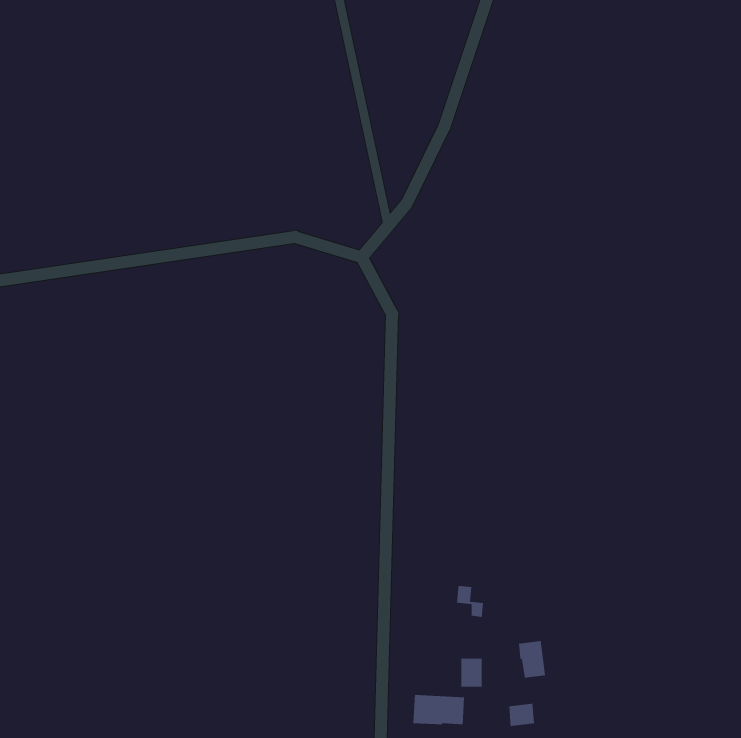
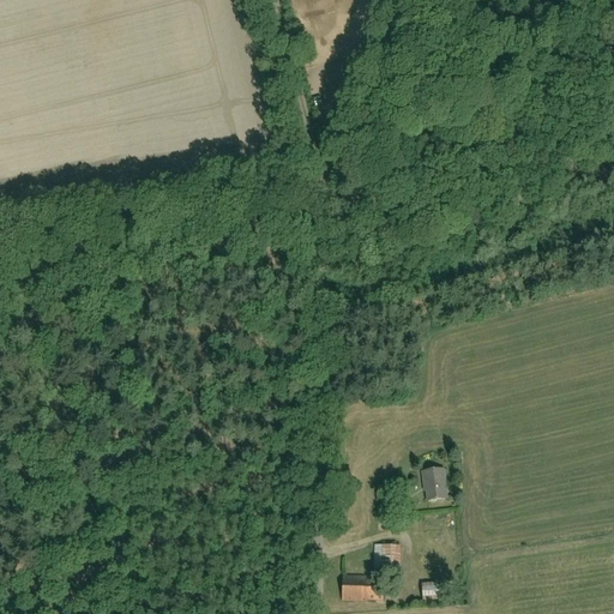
building: [518,641,546,678] -> [421,468,444,499]

